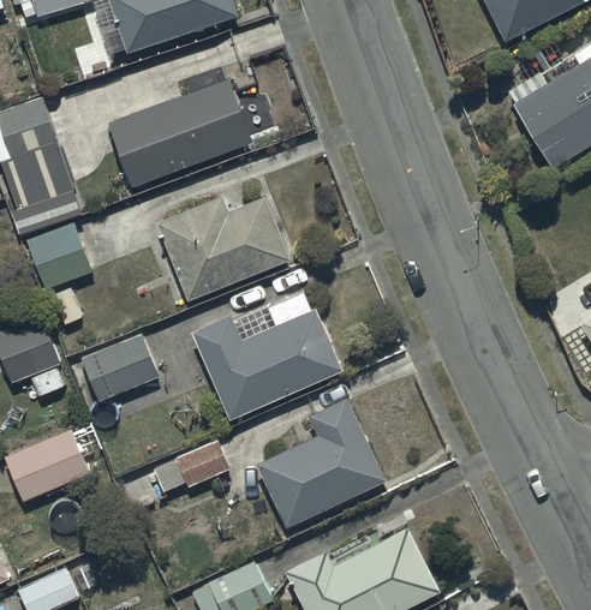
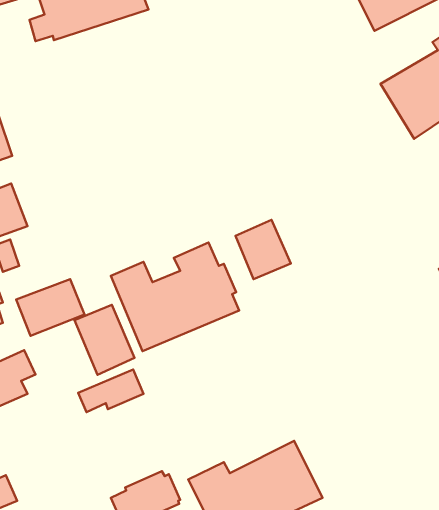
building: [106,79,250,187] -> none
building: [155,196,287,303] -> none
building: none -> [236,220,291,279]
building: none -> [74,305,135,375]
building: [255,396,387,528] -> none

